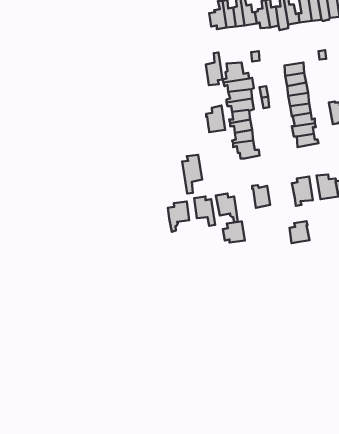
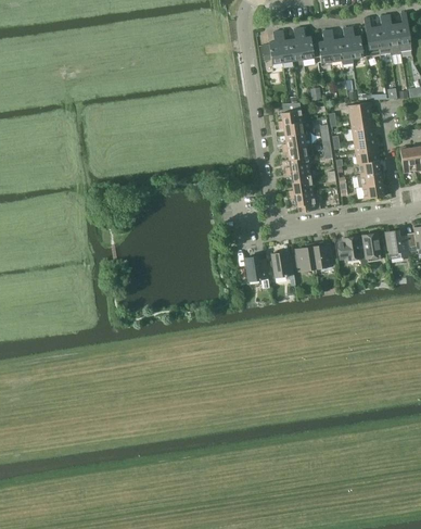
building: [206,53,223,85] -> none
building: [206,106,225,132] -> none
building: [182,155,202,193] -> none
building: [168,201,189,232] -> none
building: [289,221,309,243] -> [337,235,360,260]
building: [223,222,245,243] -> [291,245,316,269]

